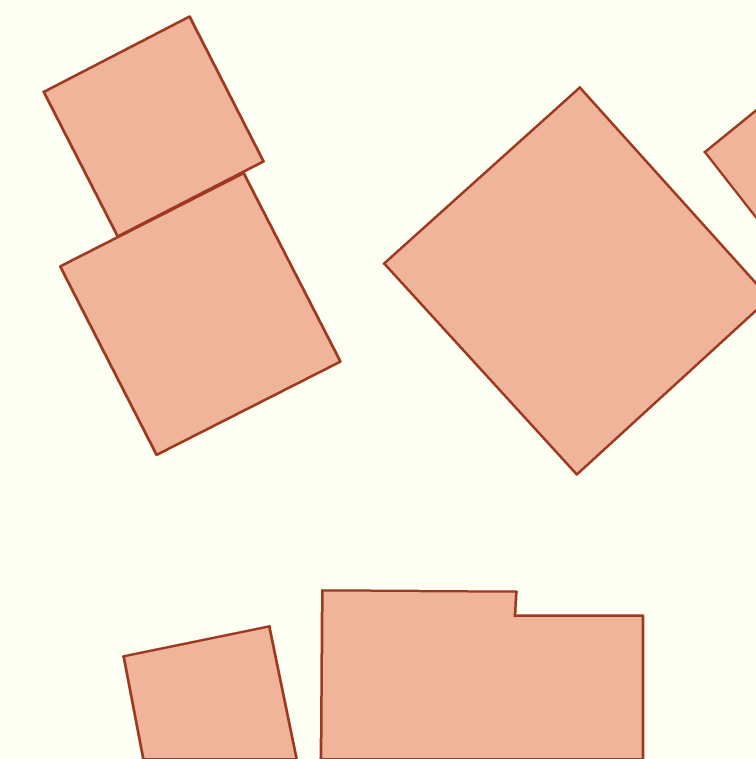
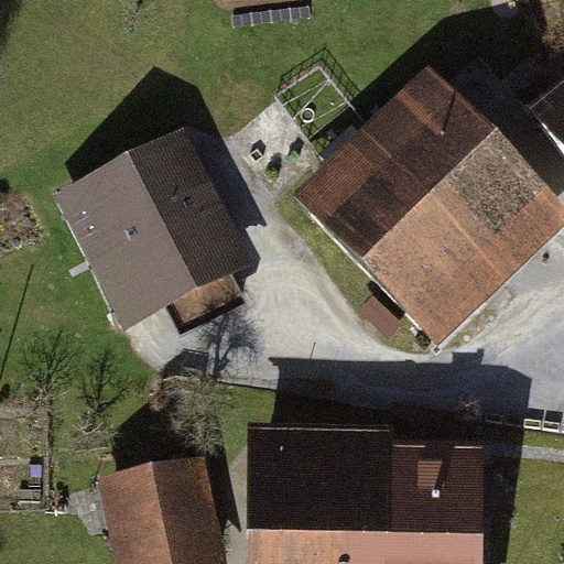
building: [44,17,264,237] -> none

